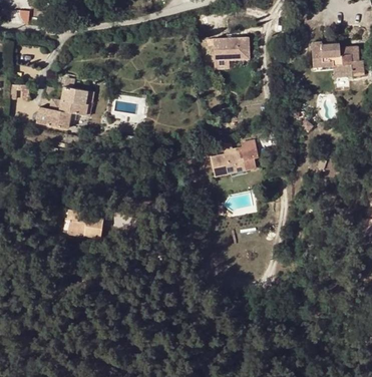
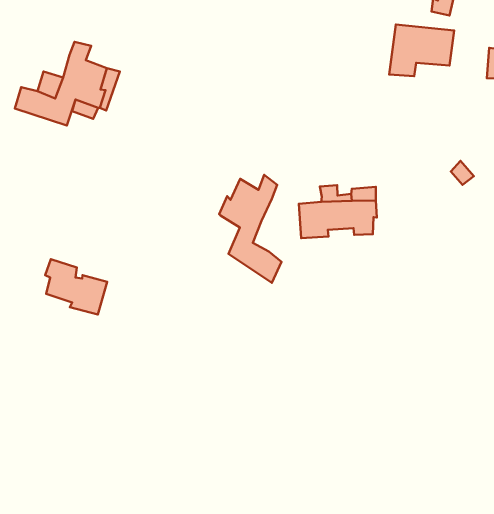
building: [214,38,249,69] -> [389,25,454,76]
building: none -> [219,175,281,283]

